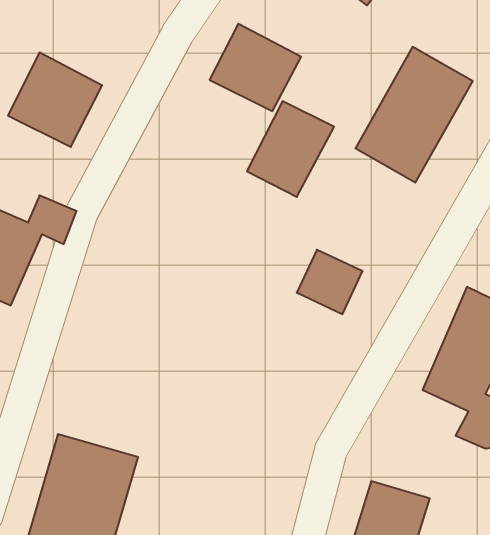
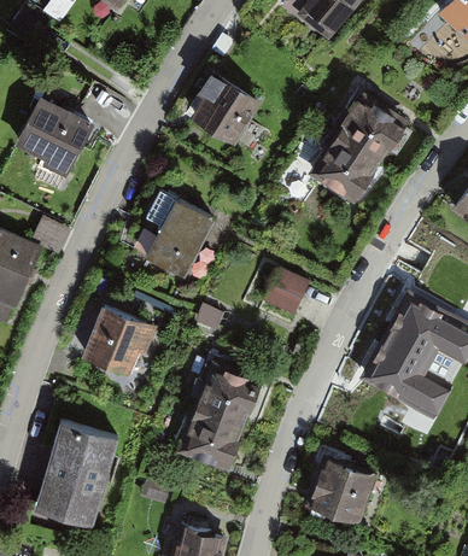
building: [247,101,334,197] -> [145,199,218,280]
building: none -> [84,308,160,378]
building: none -> [174,362,259,469]

